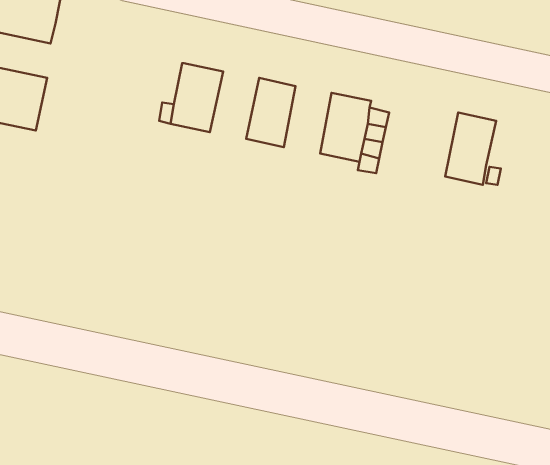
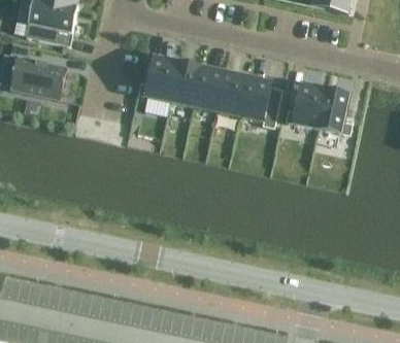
building: none -> [168,63,199,105]
building: none -> [214,72,244,114]
building: none -> [291,83,324,129]

